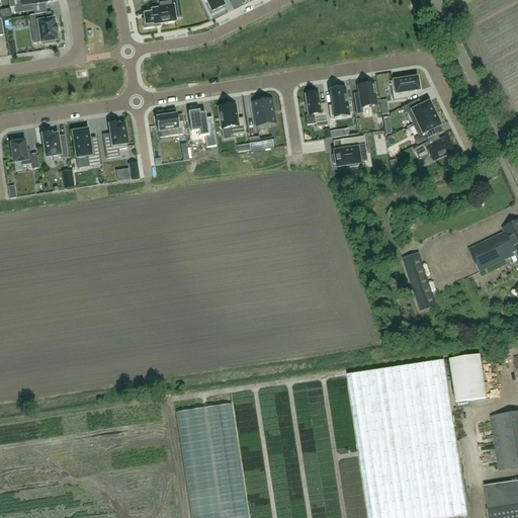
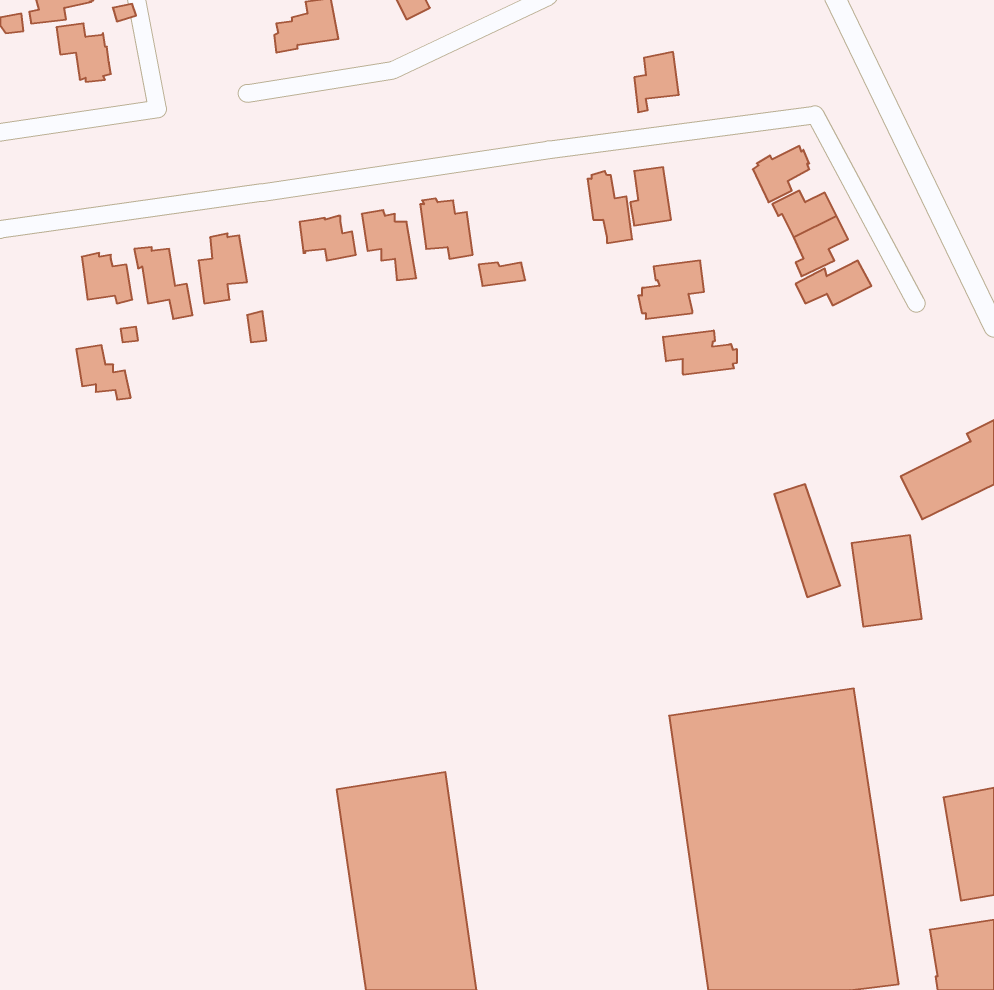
building: [355,82,378,113] -> [634,52,679,112]
building: [253,98,275,124] -> none
building: [11,140,39,168] -> [76,345,131,400]
building: none -> [663,330,737,375]
building: [450,353,487,401] -> [852,535,922,627]

